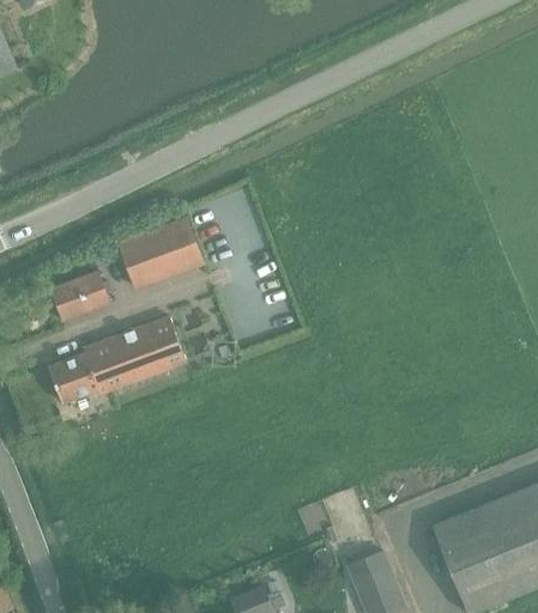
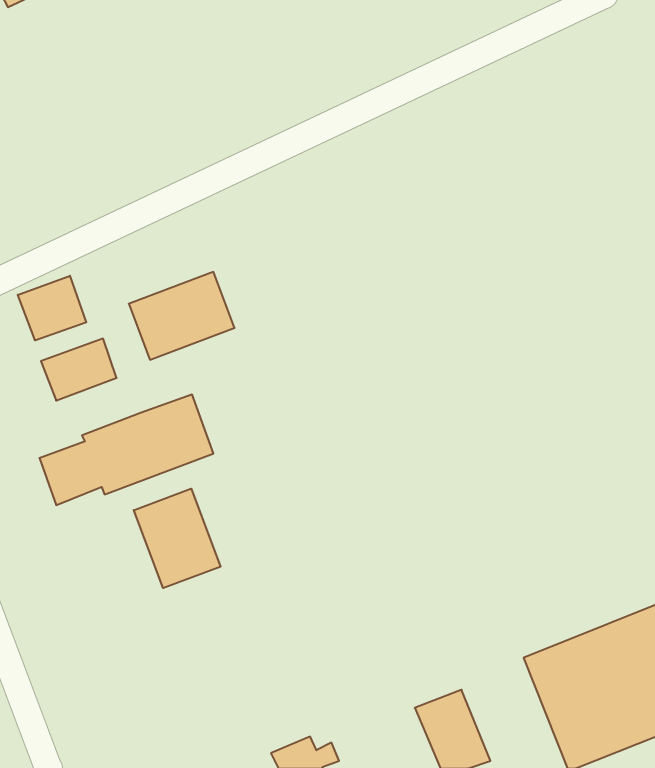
building: none -> [18,276,86,340]
building: none -> [134,489,221,588]

